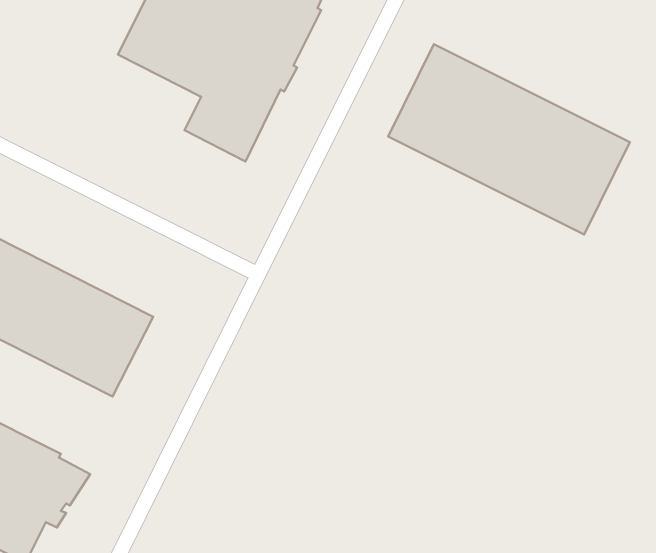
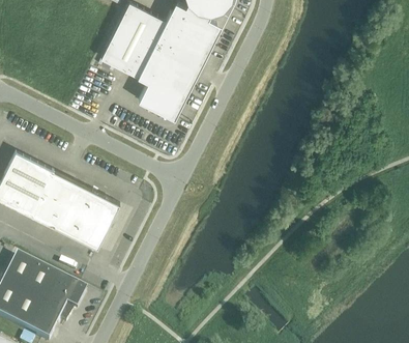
building: [388,44,630,235] -> none

